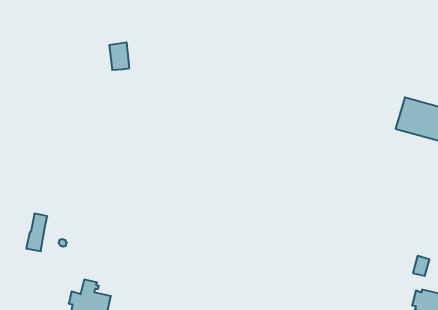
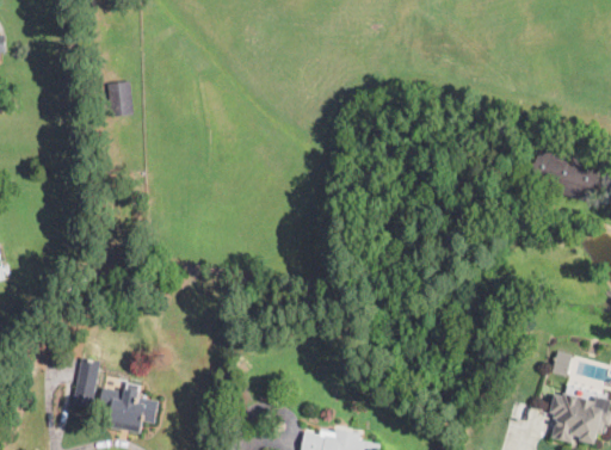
building: [109,42,129,70] -> [107,80,134,116]
building: [26,214,47,251] -> [72,359,99,408]

